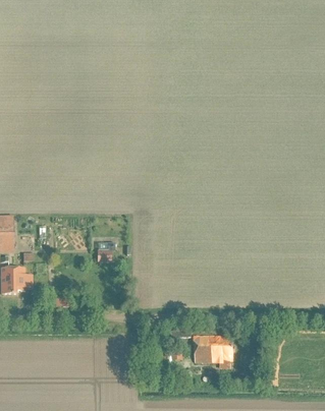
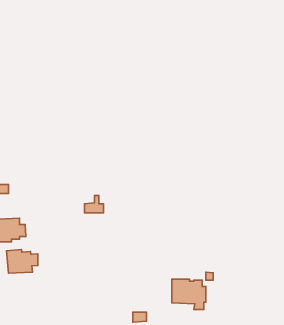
building: none -> [7,250,38,273]

